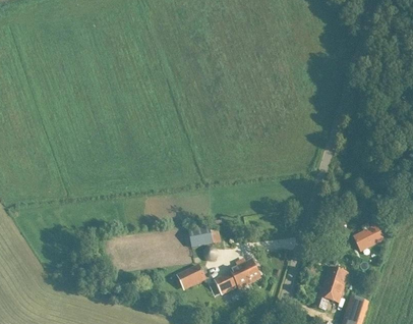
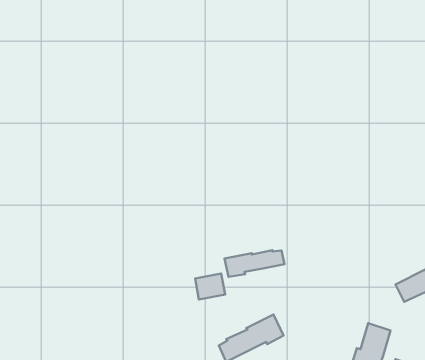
building: none -> [225,250,285,277]
building: [177,264,205,289] -> none

